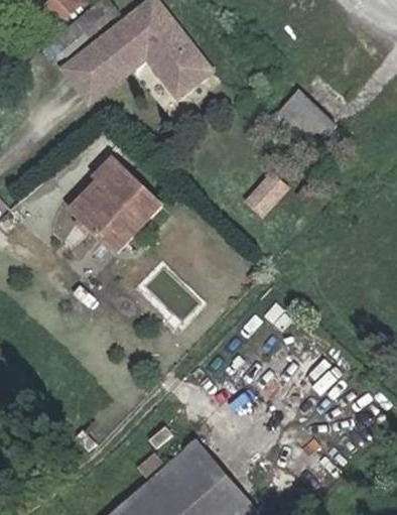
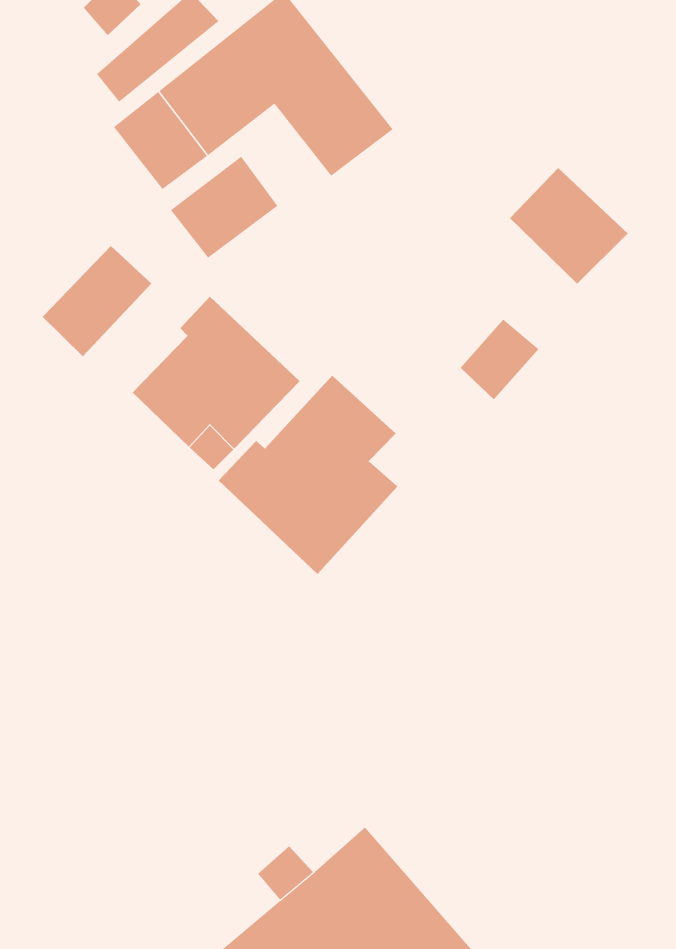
building: none -> [170,156,278,258]
building: none -> [42,245,152,357]
building: none -> [218,375,398,575]

